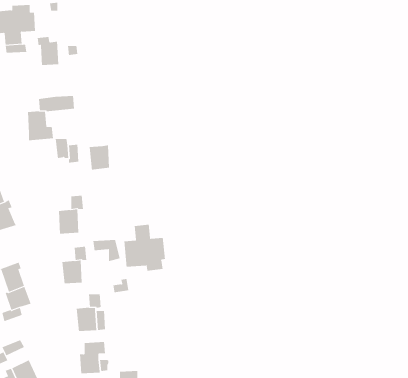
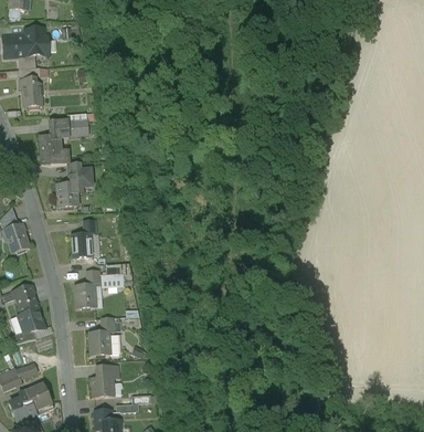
building: [37,37,59,65] -> [19,77,41,106]
building: [89,145,110,170] -> [56,180,77,206]
building: [124,224,166,271] -> none

